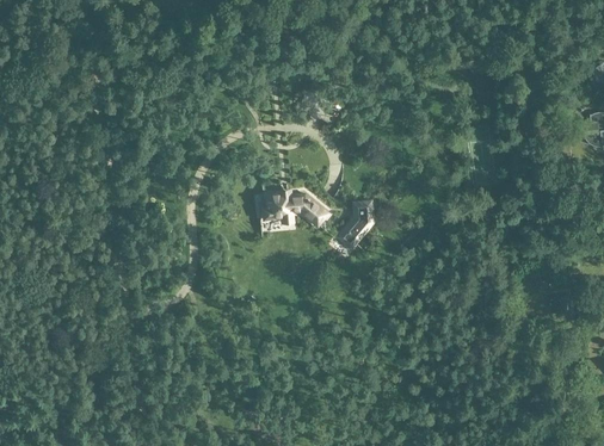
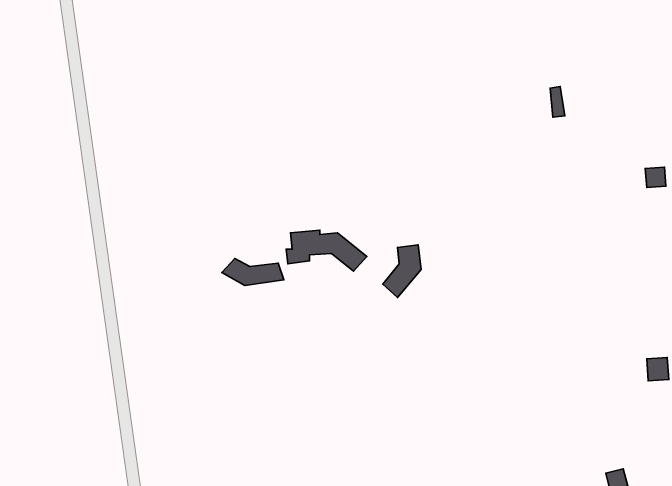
building: none -> [222,258,284,285]

